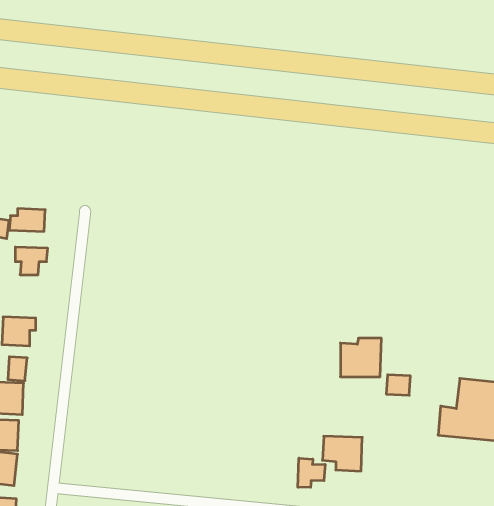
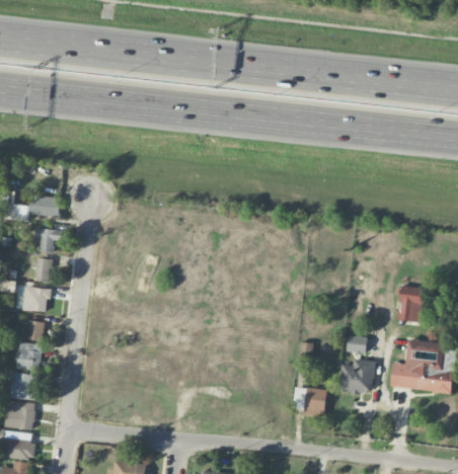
building: none -> [32,258,51,283]
building: none -> [396,287,422,322]
building: [340,338,381,377] -> [339,361,374,393]
building: [298,458,325,487] -> none

